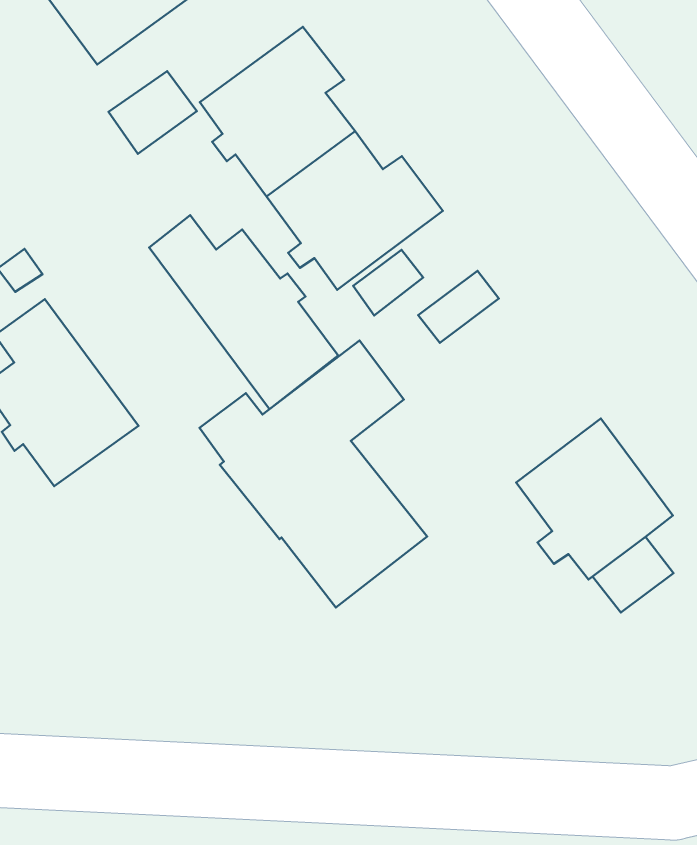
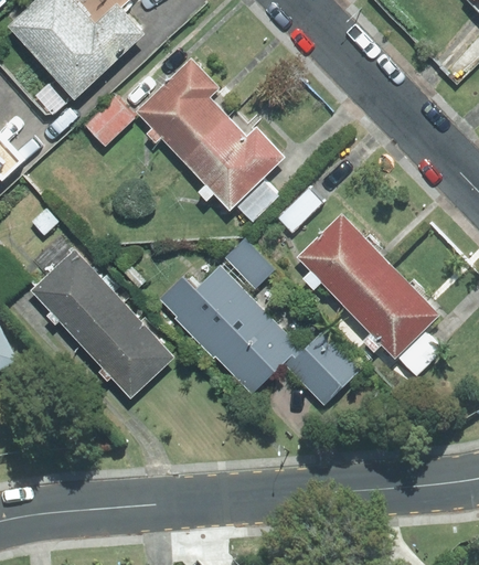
building: [149,215,338,409] -> none
building: none -> [297,215,391,308]
building: none -> [81,302,174,398]
building: none -> [286,329,362,404]

